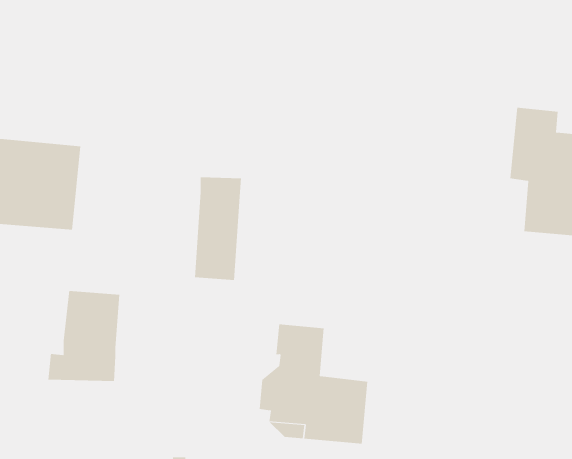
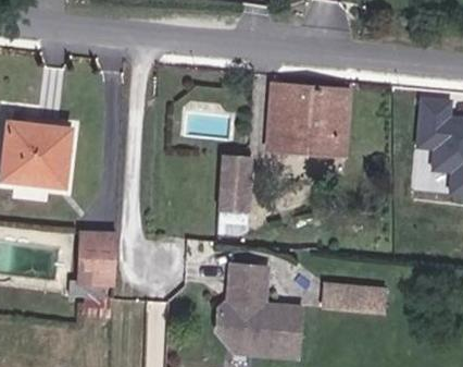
building: none -> [274,86,348,158]
building: [194,177,242,280] -> [217,156,254,236]
building: none -> [325,281,387,308]

